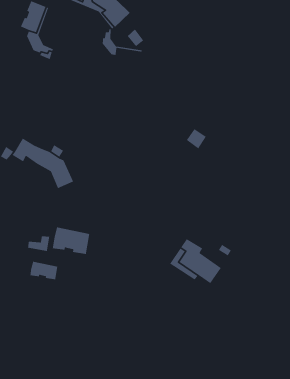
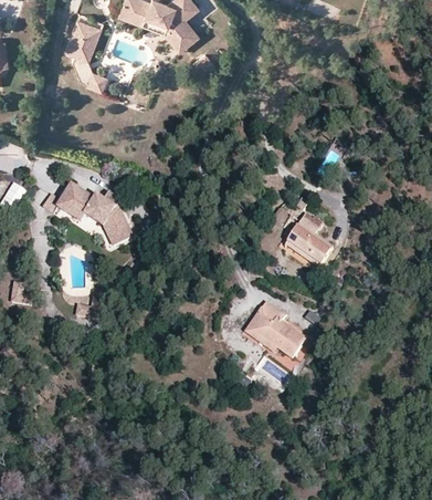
building: [102,28,142,56] -> none
building: none -> [289,212,336,260]
building: [52,226,90,255] -> none
building: [30,261,58,280] -> none

